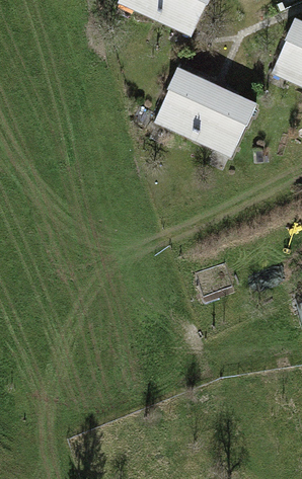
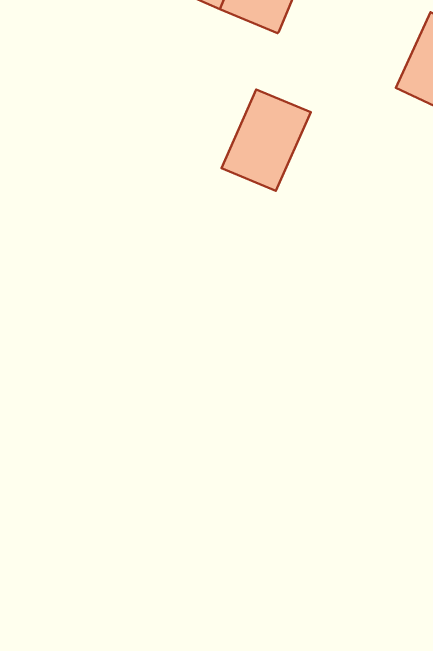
building: [192,86,253,156] -> none

